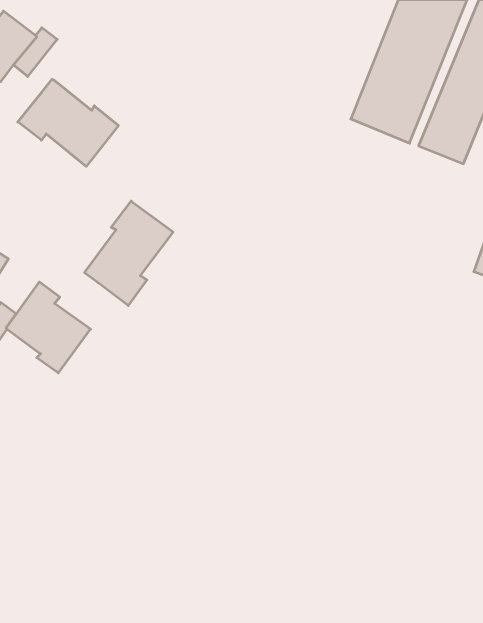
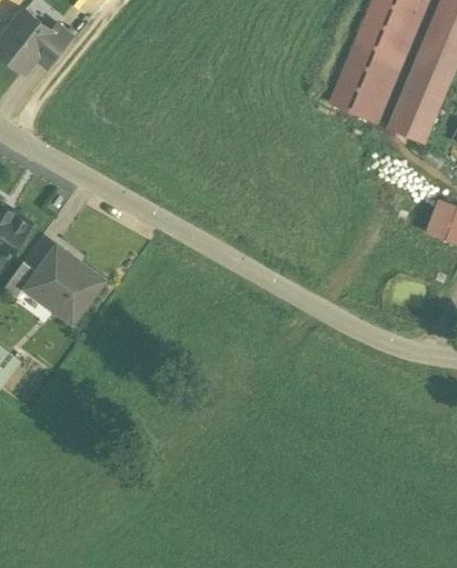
building: [18,79,118,166] -> none
building: [85,201,173,306] -> none

